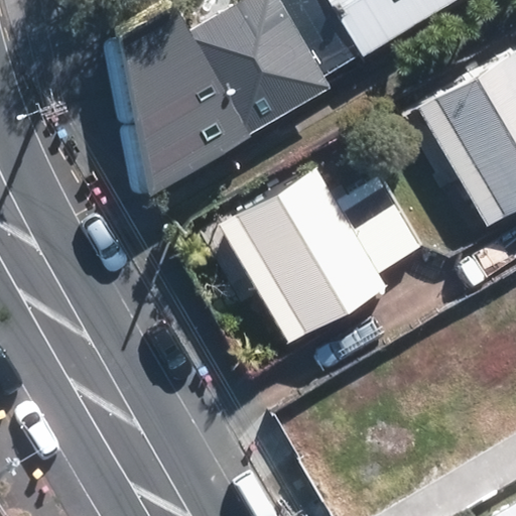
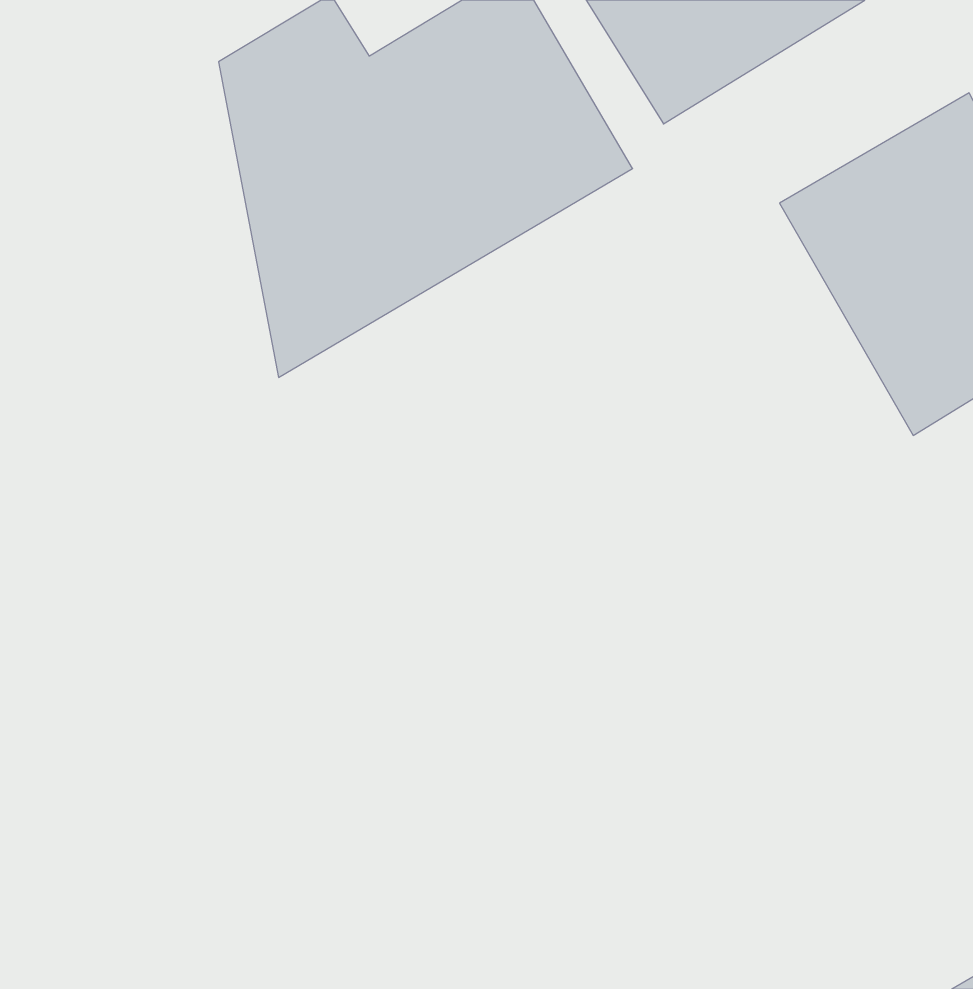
building: [210,162,418,341] -> none

